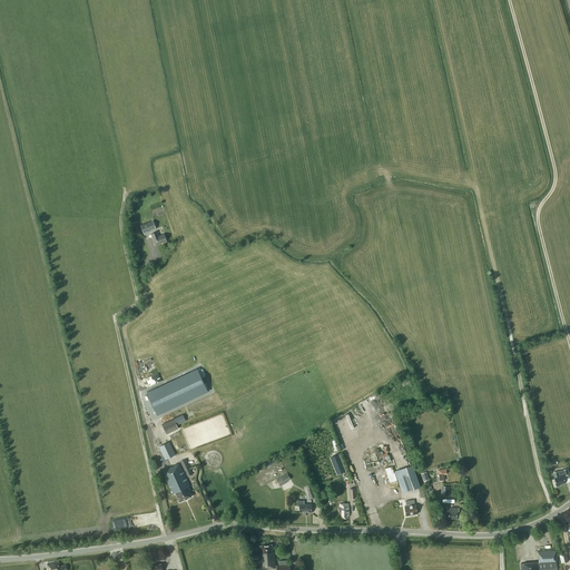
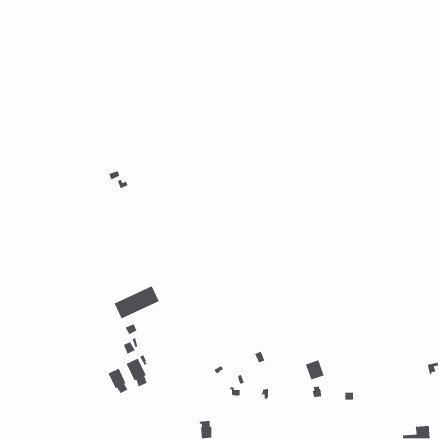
building: none -> [108,368,128,394]

